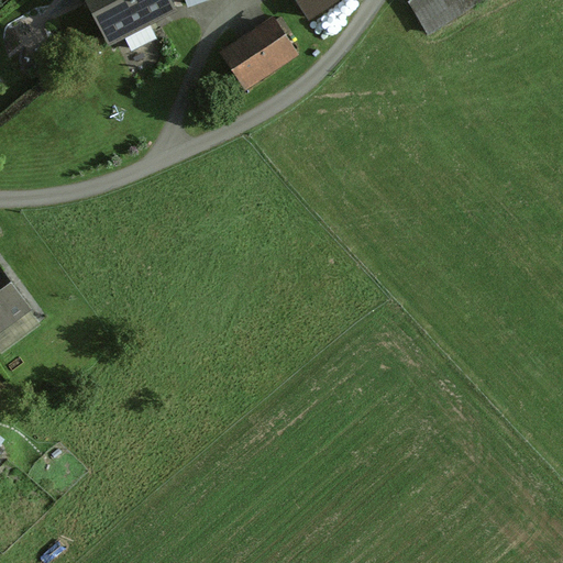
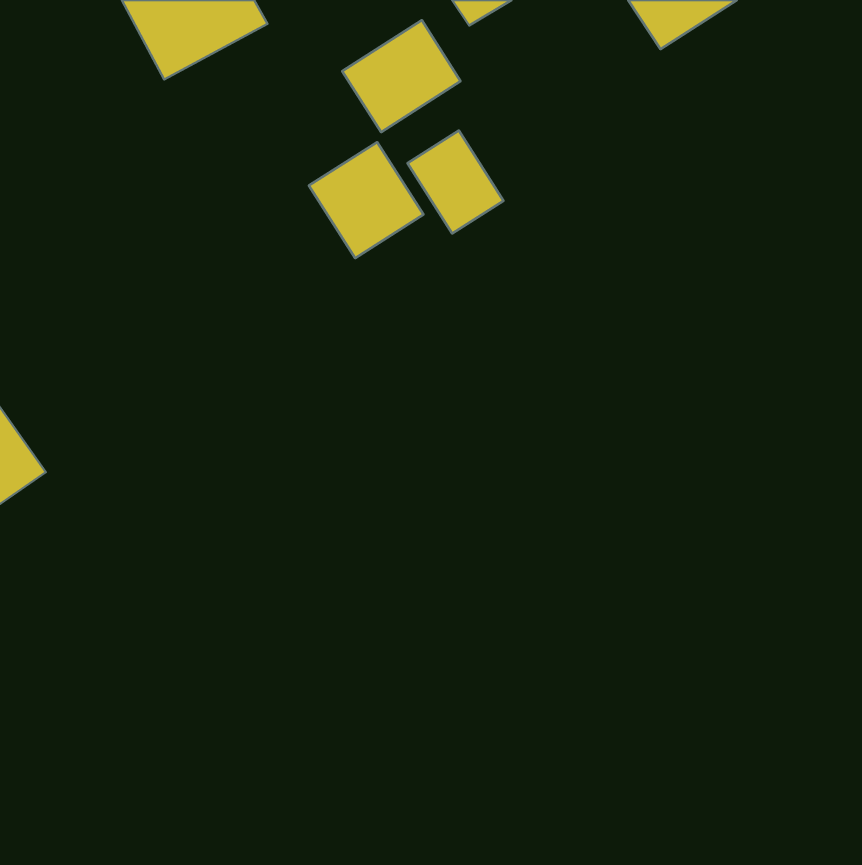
building: none -> [407,131,504,233]
building: none -> [309,142,424,258]

